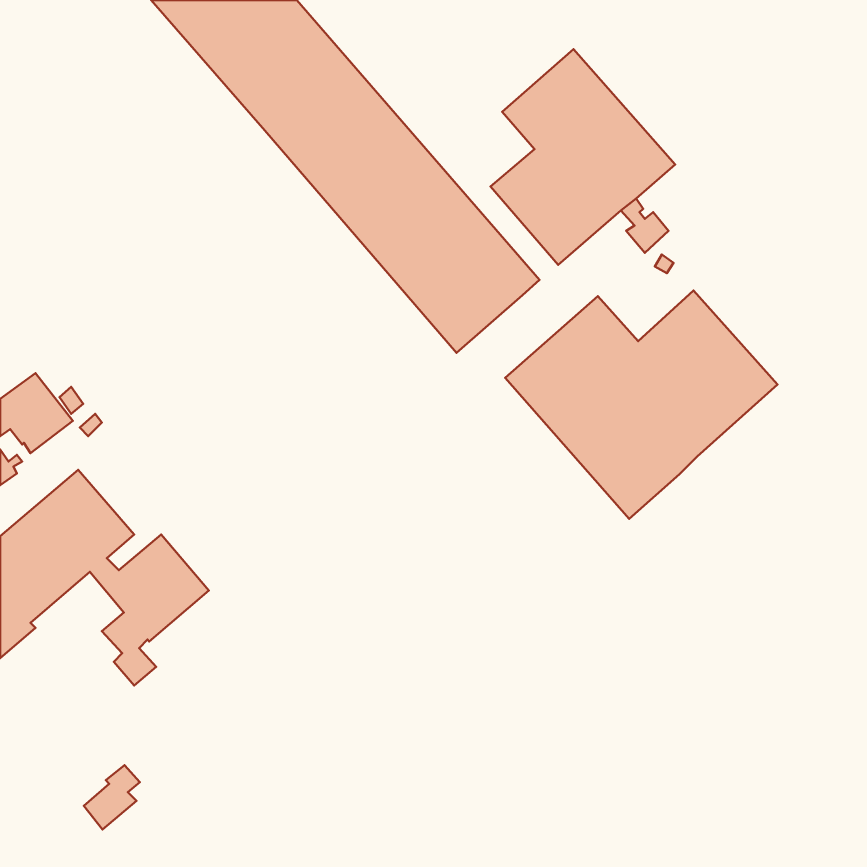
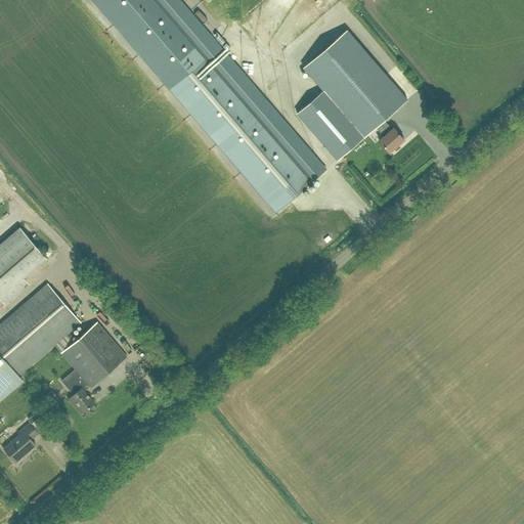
building: [505,290,778,519] -> none
building: [84,765,140,830] -> [4,423,38,462]

